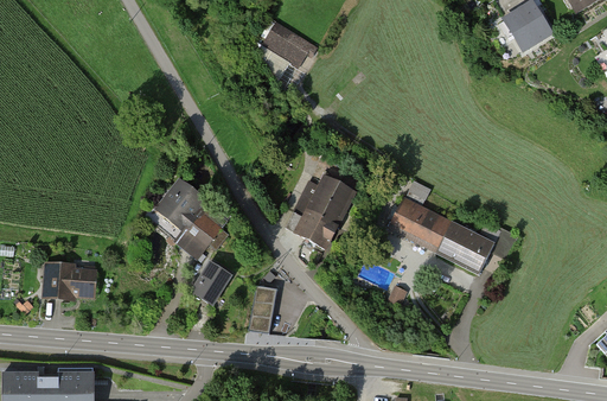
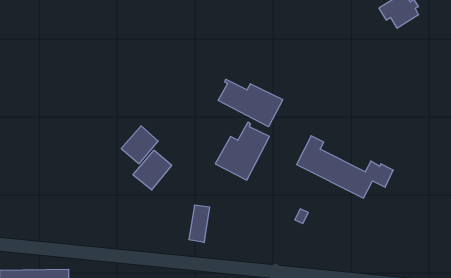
building: [261,25,315,69] -> none
building: none -> [218,79,283,127]
building: [192,256,234,301] -> none
building: [44,262,103,300] -> none

